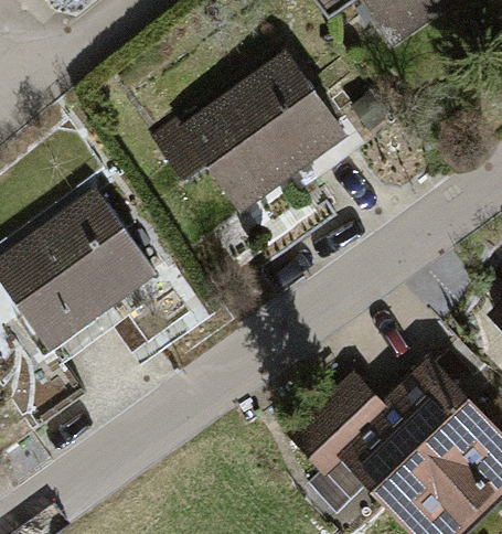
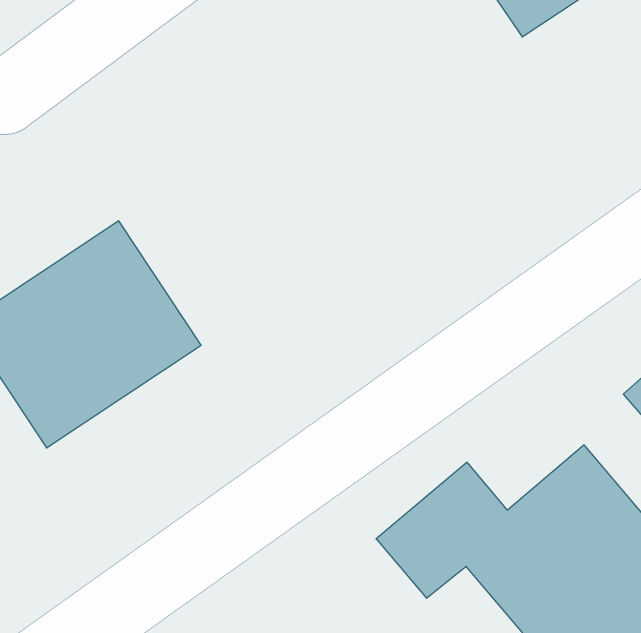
building: [169,51,339,214] -> none

